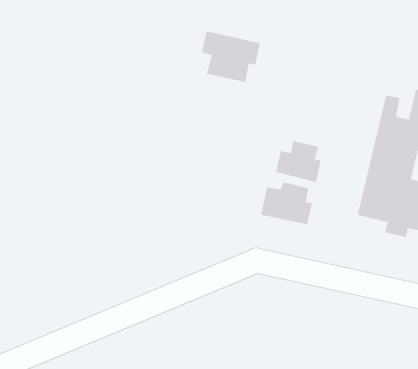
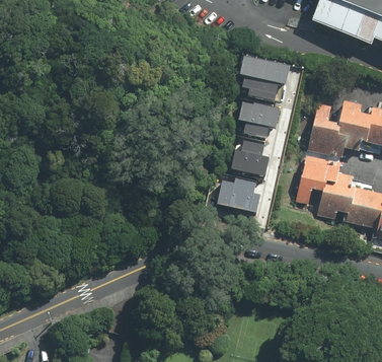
building: [201,30,261,83] -> [238,58,287,100]
building: none -> [237,101,277,138]

